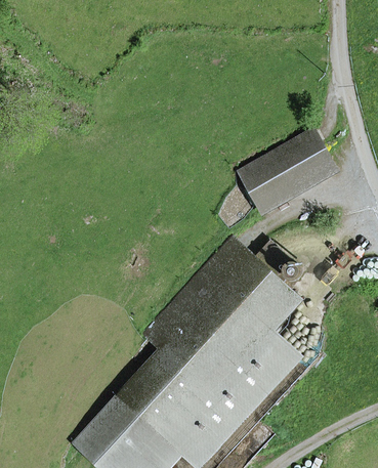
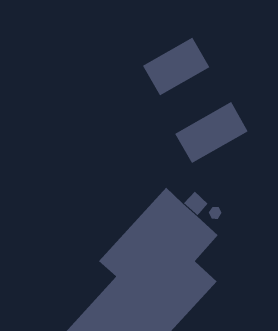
building: none -> [142,37,210,96]

